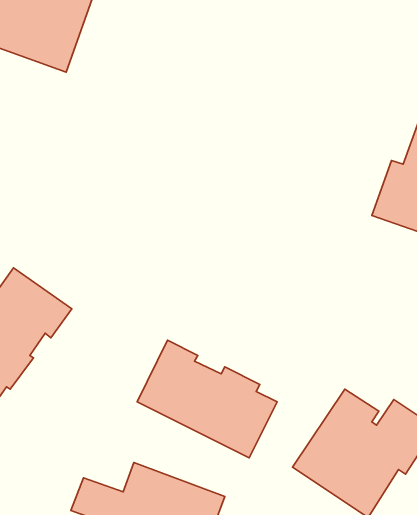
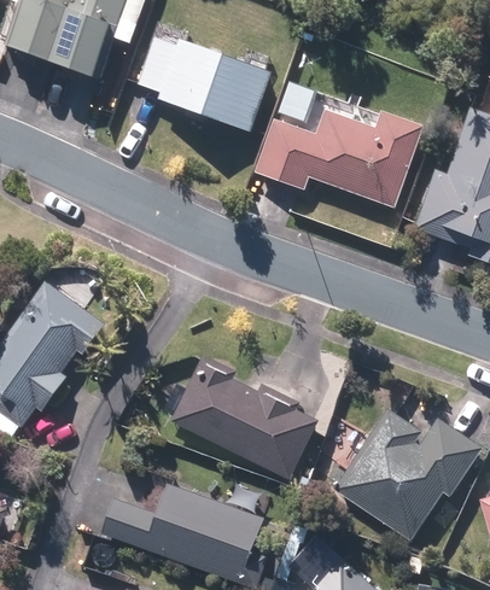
building: none -> [140,41,269,132]
building: none -> [255,110,420,206]

